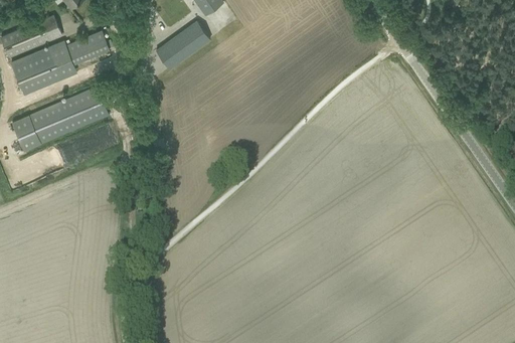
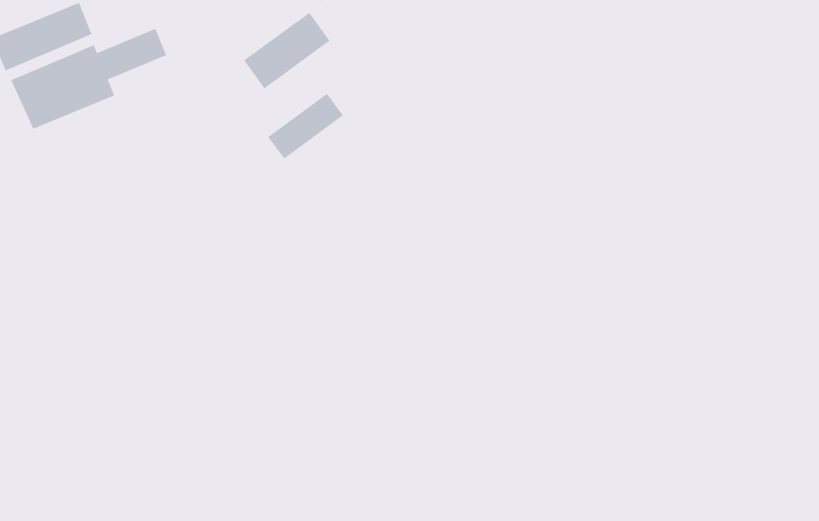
building: none -> [267,93,344,159]
building: [12,85,110,152] -> none

